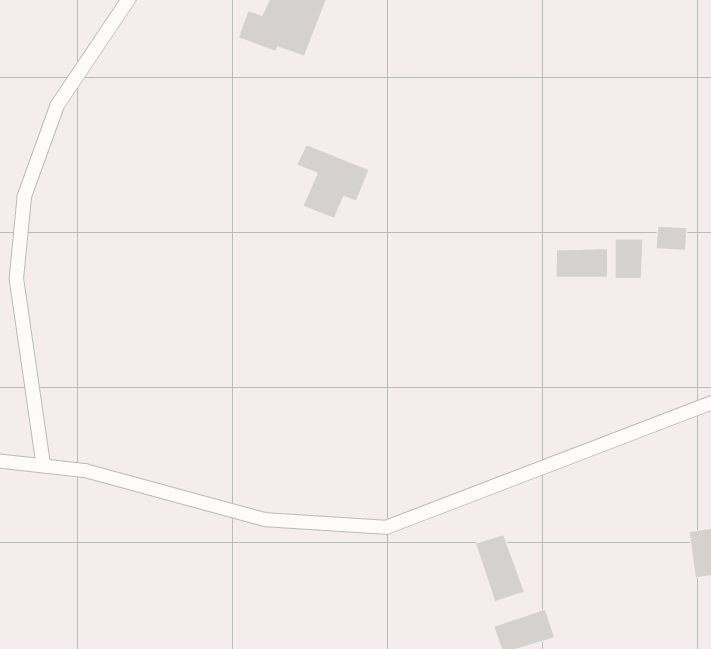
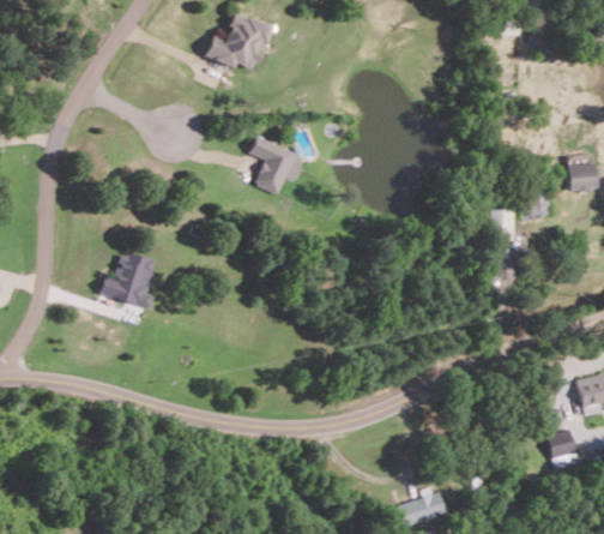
building: [556,248,608,278] -> none
building: none -> [99,252,156,308]
building: [475,535,524,602] -> none

